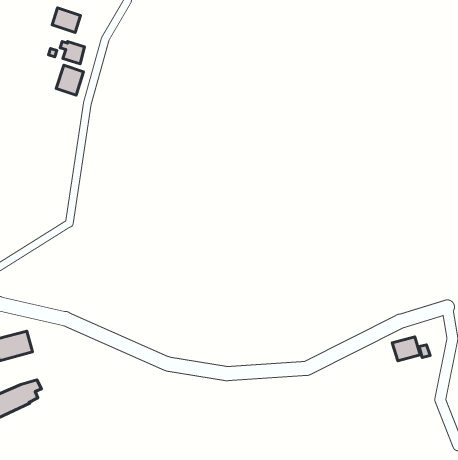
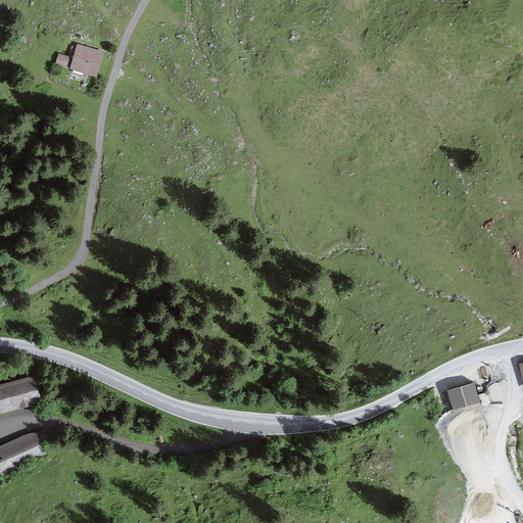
building: [52,8,81,33] -> none
building: [56,65,84,95] -> none

